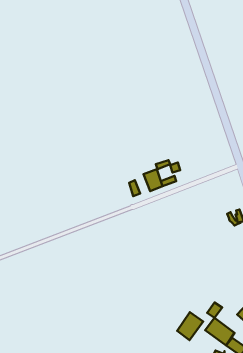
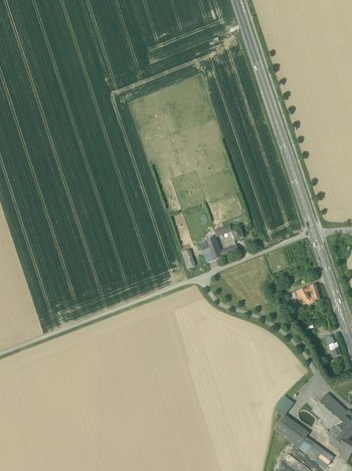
building: [177,312,203,340] -> none

